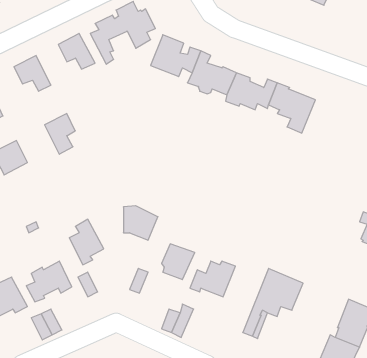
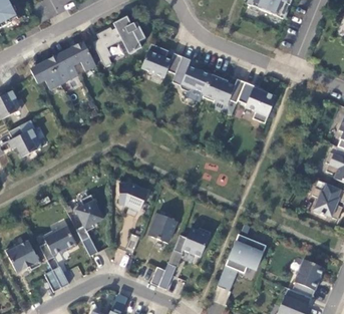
building: [45,114,75,154] -> [48,50,73,83]

